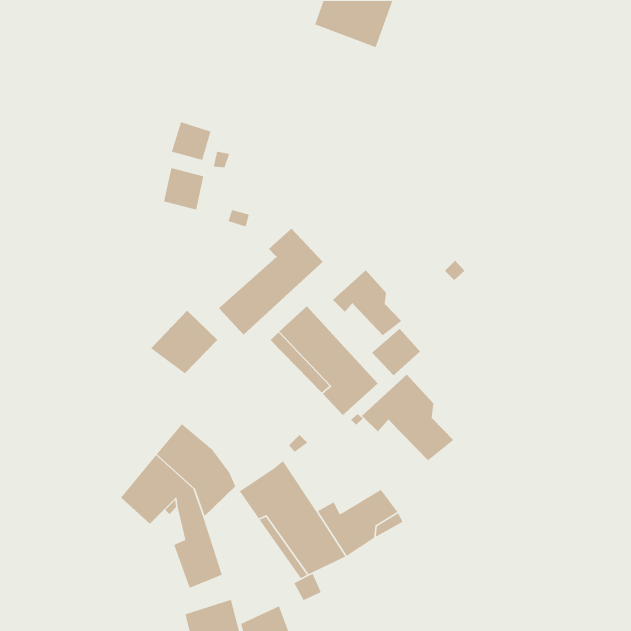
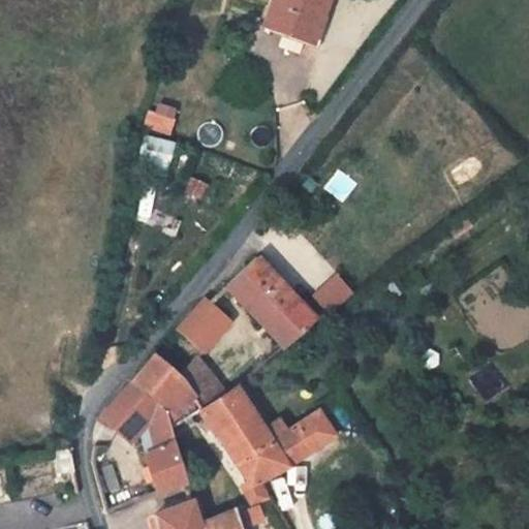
building: [218,228,324,335] -> none
building: [332,269,402,336] -> none
building: [150,310,218,374] -> [177,298,234,351]
building: [361,374,454,461] -> none
building: none -> [179,357,229,411]

